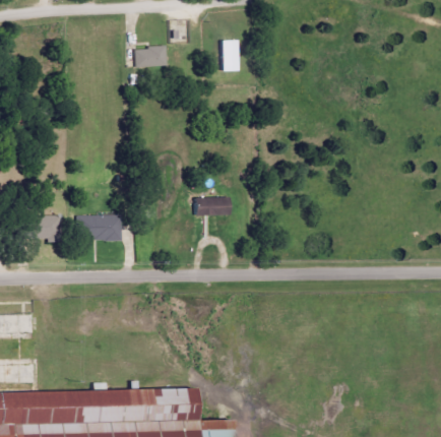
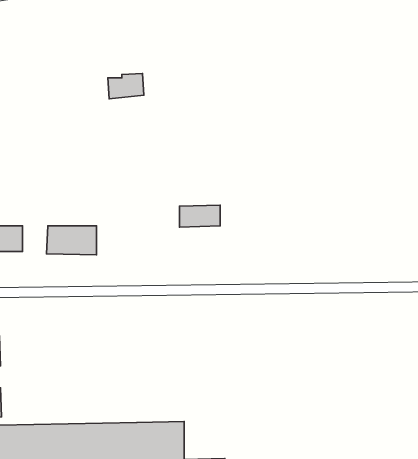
building: [220,40,238,71] -> none
building: [133,49,165,71] -> [108,73,144,99]

